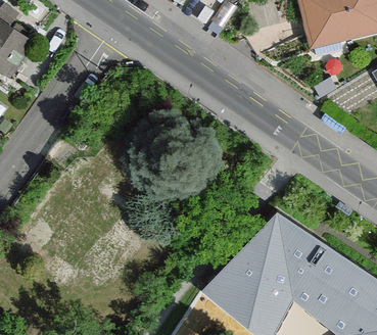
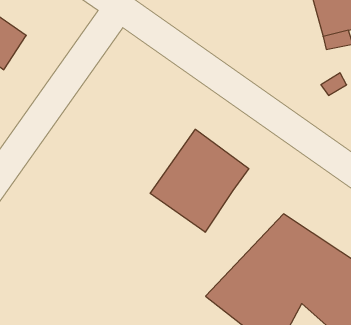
building: none -> [150,129,249,232]

